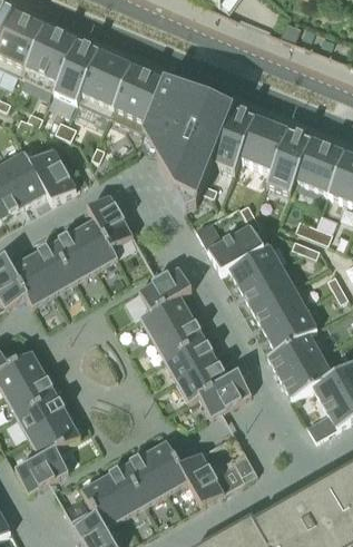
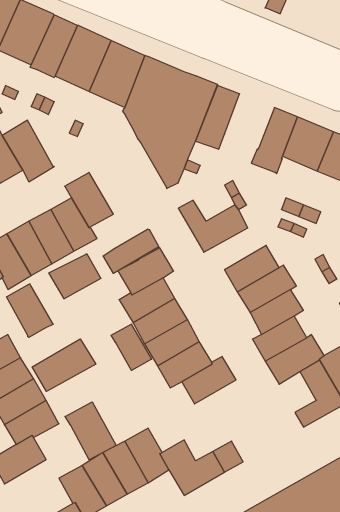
building: [241,117,288,168] -> none
building: [228,243,281,286] -> none
building: none -> [103,229,159,273]
building: none -> [49,254,101,299]
building: none -> [7,284,53,337]
building: none -> [111,324,152,370]
building: none -> [32,339,96,391]
building: none -> [65,402,116,460]

